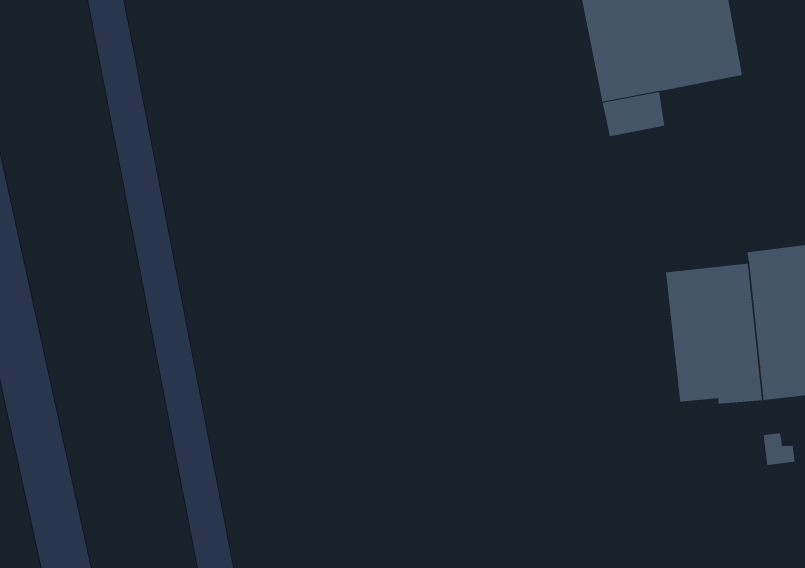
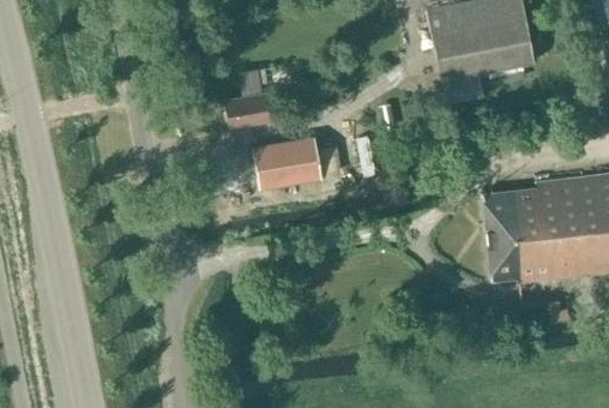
building: none -> [225,71,270,127]
building: none -> [254,136,324,190]

